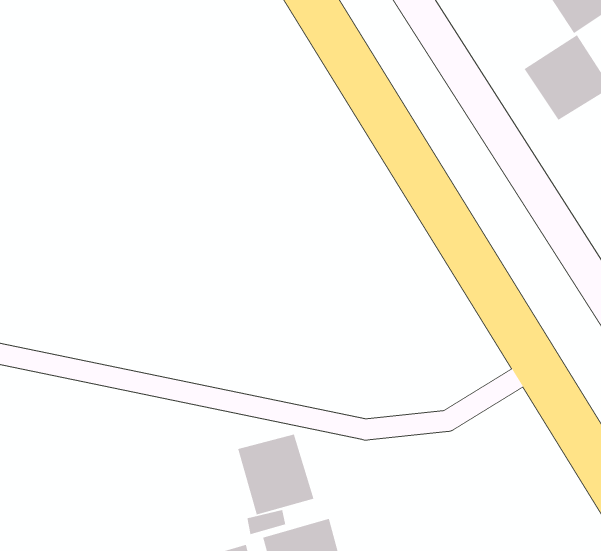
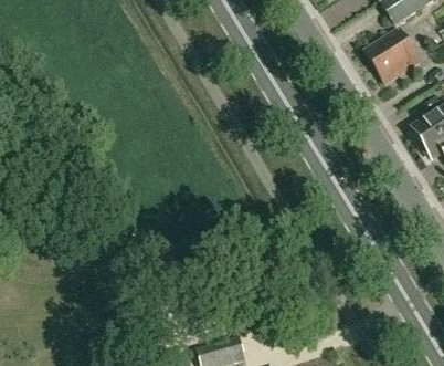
building: [237,433,314,516] -> none

